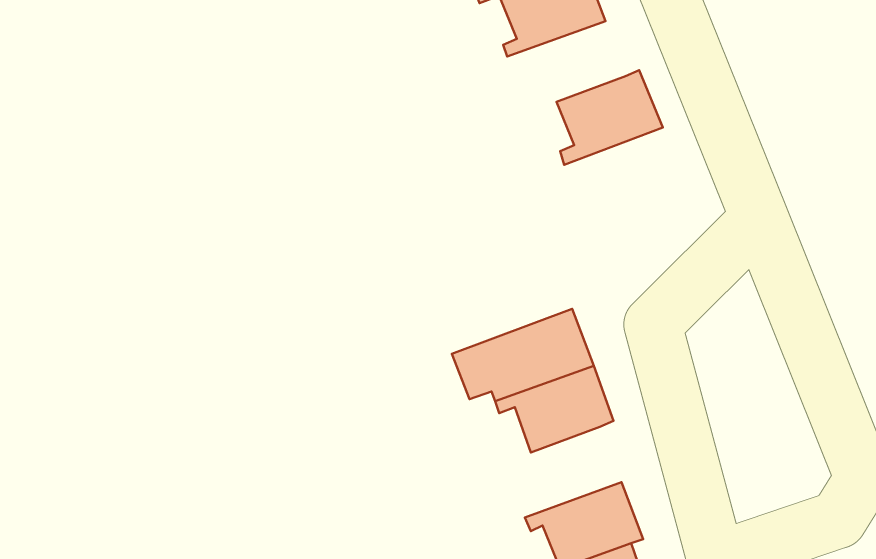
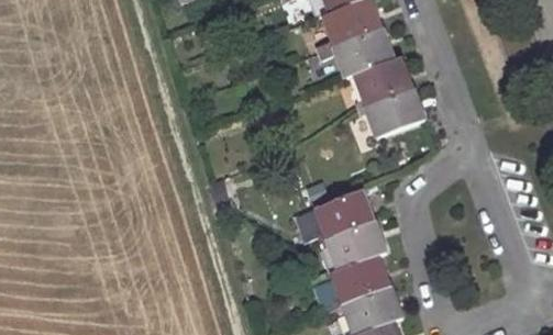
building: none -> [327,30,392,78]
building: none -> [358,89,424,137]
building: none -> [314,256,390,311]

